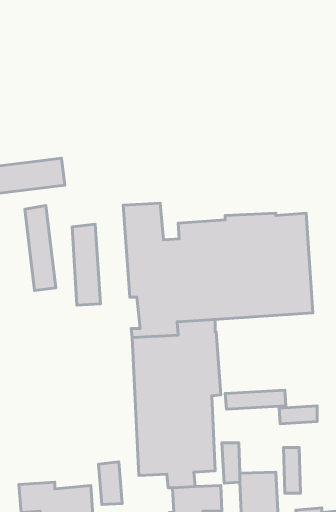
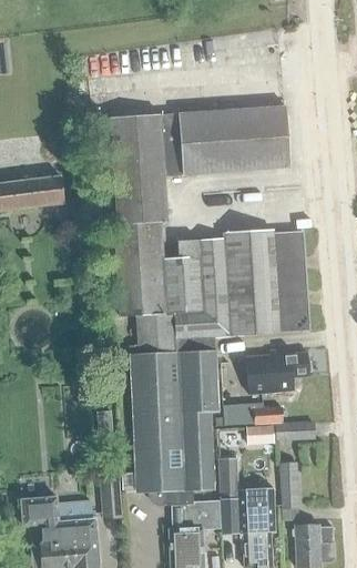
building: none -> [111,105,289,224]
building: [25,205,56,291] -> none
building: [72,224,100,305] -> none
building: none -> [246,348,310,394]

